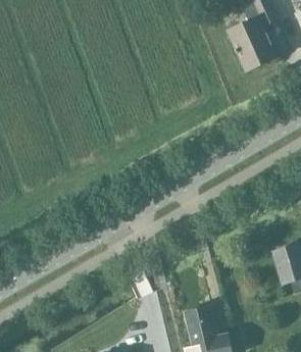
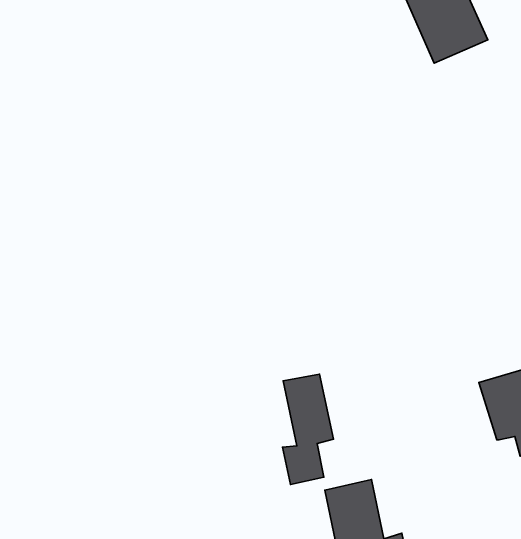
building: none -> [282,374,333,485]

